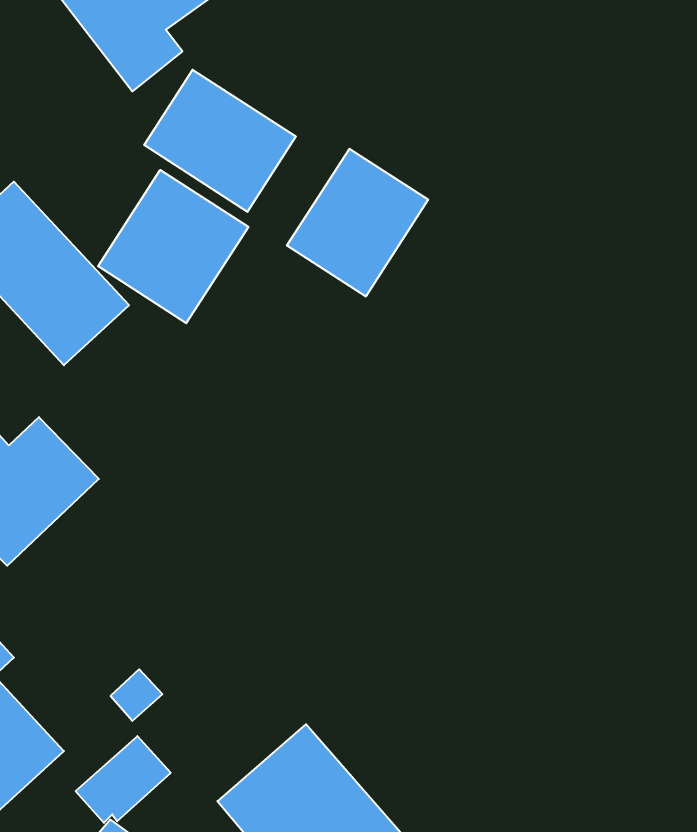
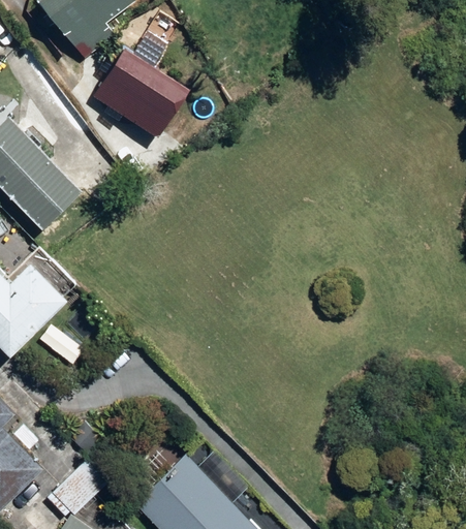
building: [287,149,428,297] -> none
building: [98,170,248,323] -> none

